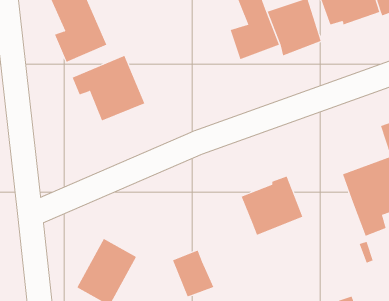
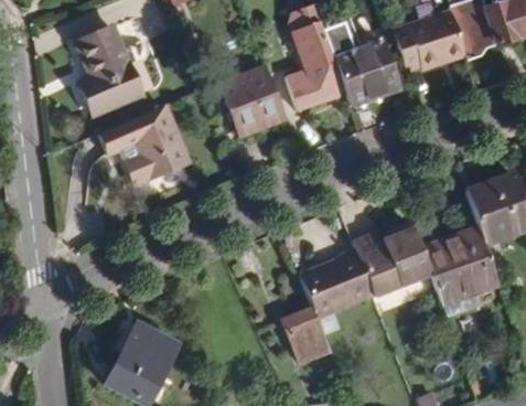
building: none -> [221,67,285,136]
building: none -> [352,229,432,303]
building: [172,250,214,297] -> [282,306,332,362]

